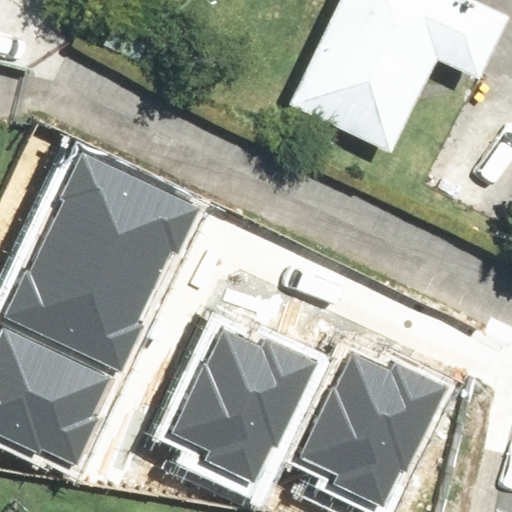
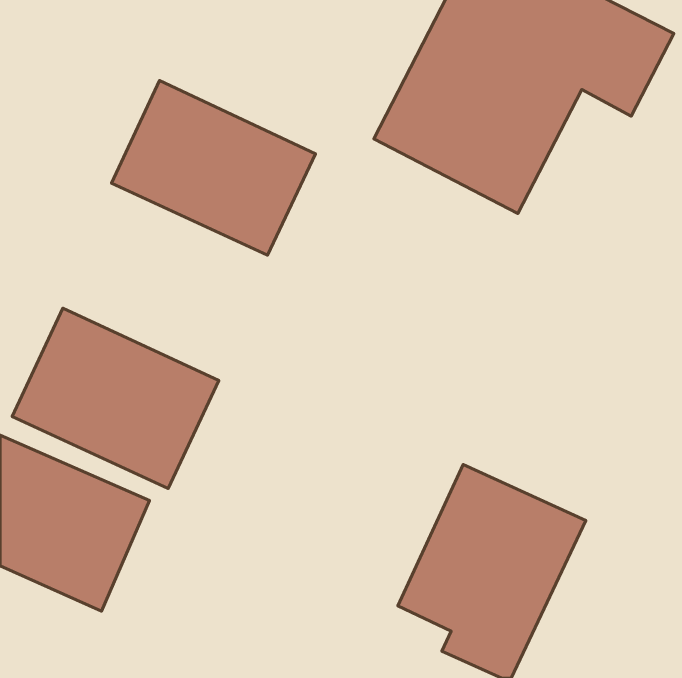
building: [47,154,200,285] -> [111,80,316,255]
building: [172,319,314,482] -> none

